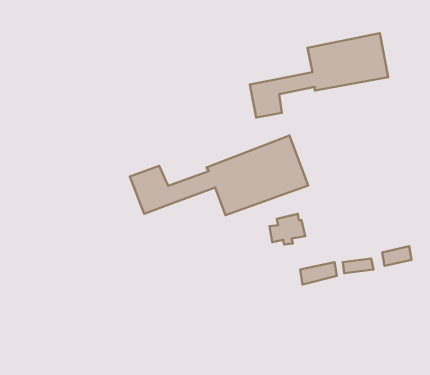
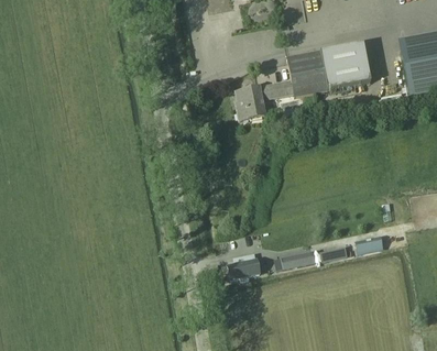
building: [130,136,308,215] -> none
building: [270,214,305,245] -> [229,252,261,279]

